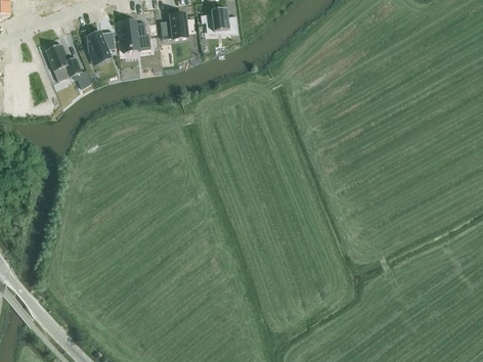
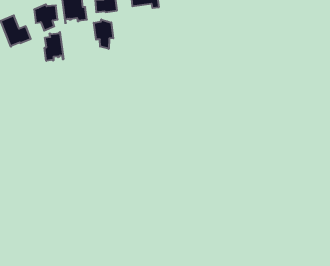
building: none -> [94,19,113,49]
building: none -> [45,32,63,61]

